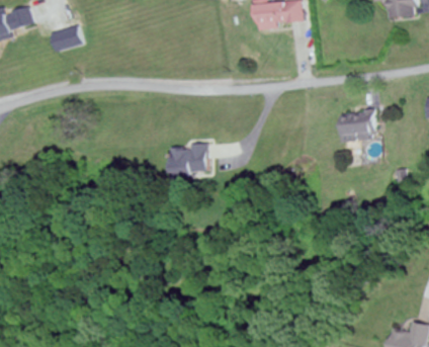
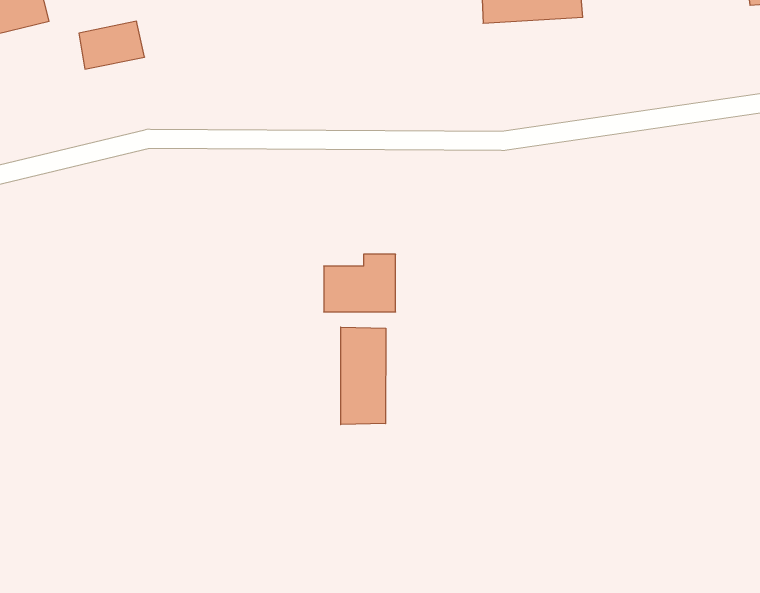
building: [338,119,371,144] -> none
building: none -> [341,327,386,425]

